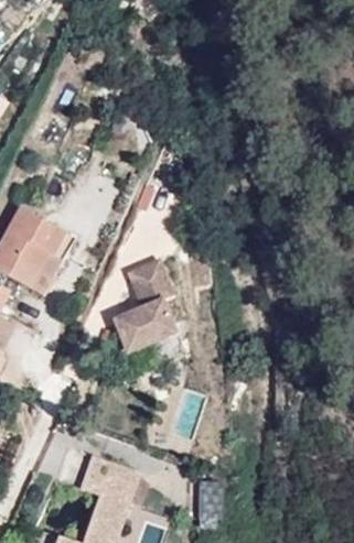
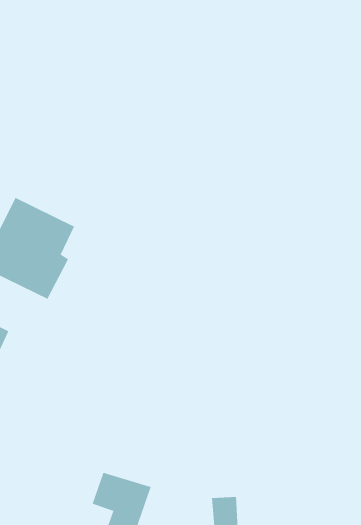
building: [112,254,176,351] -> none

